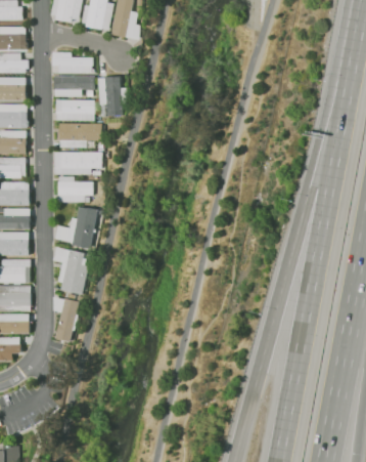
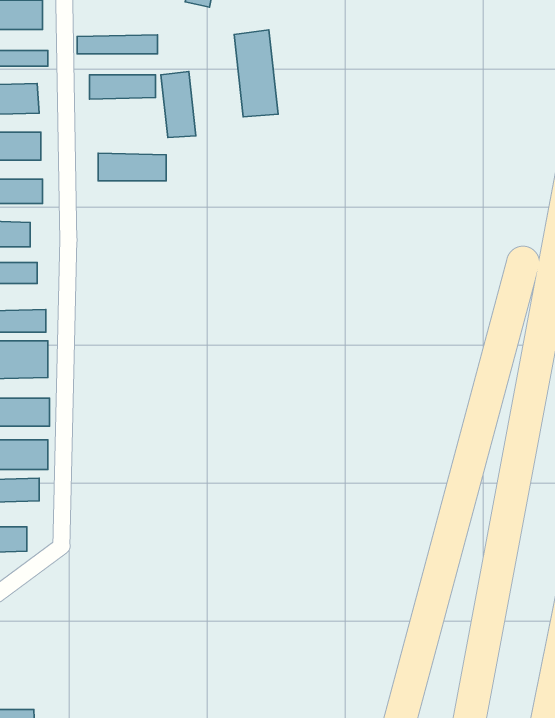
building: none -> [234,30,278,117]
building: [53,101,92,118] -> none
building: [56,152,101,167] -> none
building: [57,177,93,194] -> none
building: [73,202,99,248] -> none
building: [61,249,89,292] -> none
building: [53,297,77,341] -> none

